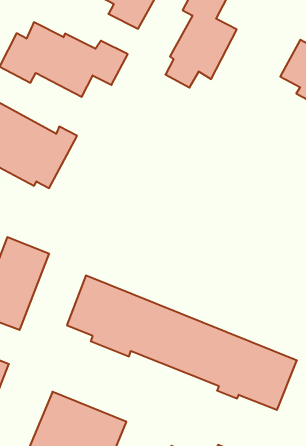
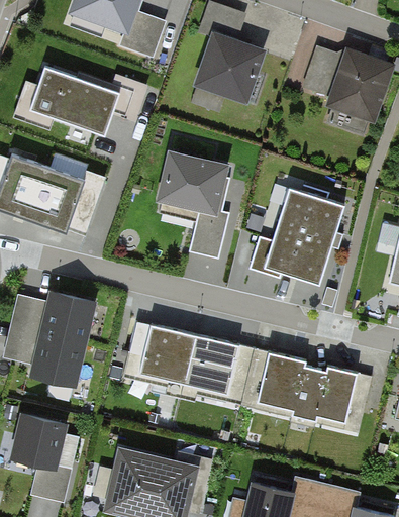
building: none -> [156,150,229,257]
building: none -> [251,191,343,285]

